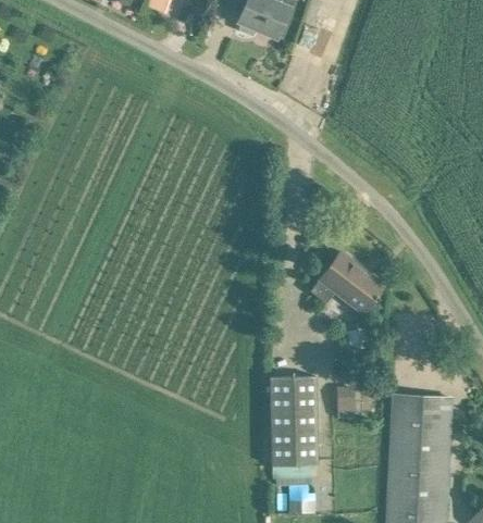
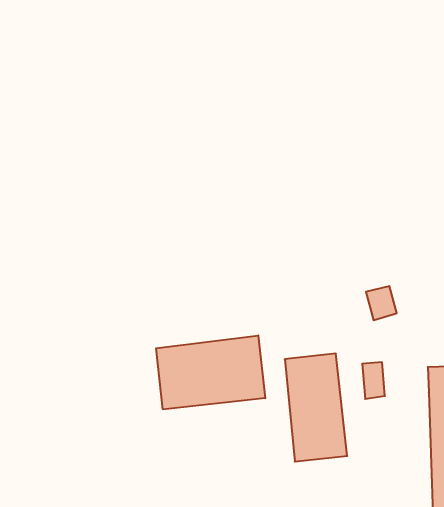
building: [312,251,384,312] -> none
building: none -> [156,335,265,409]

